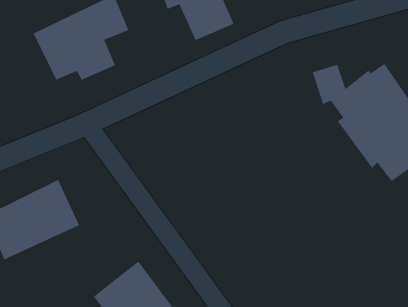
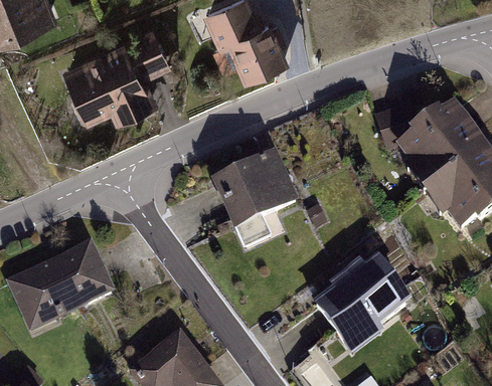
building: none -> [210,154,298,235]
building: none -> [315,265,408,352]

